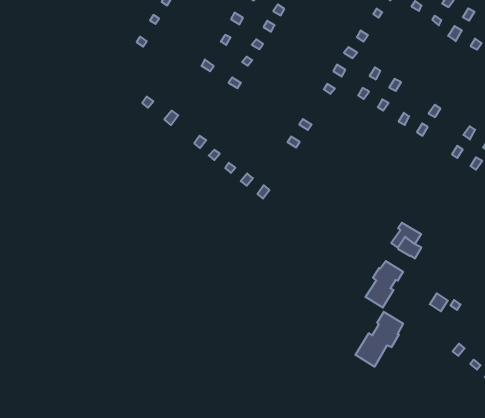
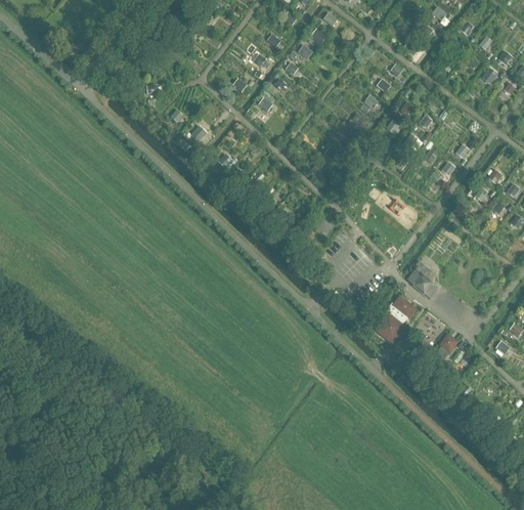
building: [355,312,403,367] -> none

